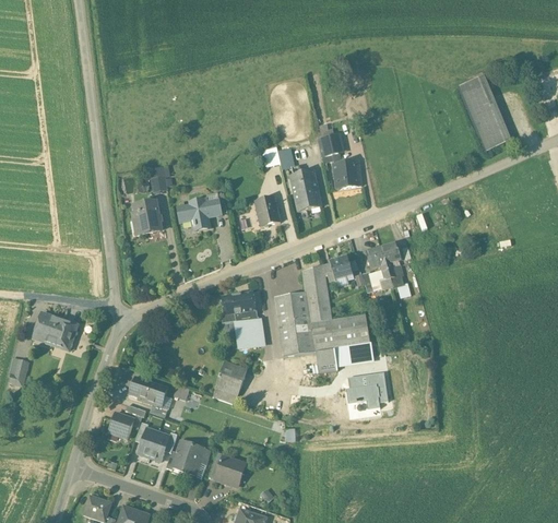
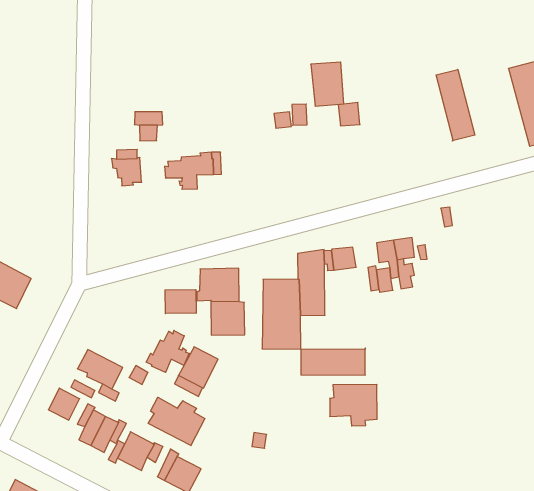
building: none -> [436,69,475,141]
building: [332,161,360,188] -> none
building: [288,170,321,211] -> [311,62,344,106]
building: [253,197,280,226] -> none
building: none -> [165,290,196,314]
building: [310,314,369,350] -> none
building: none -> [146,330,189,372]
building: none -> [148,397,205,446]

